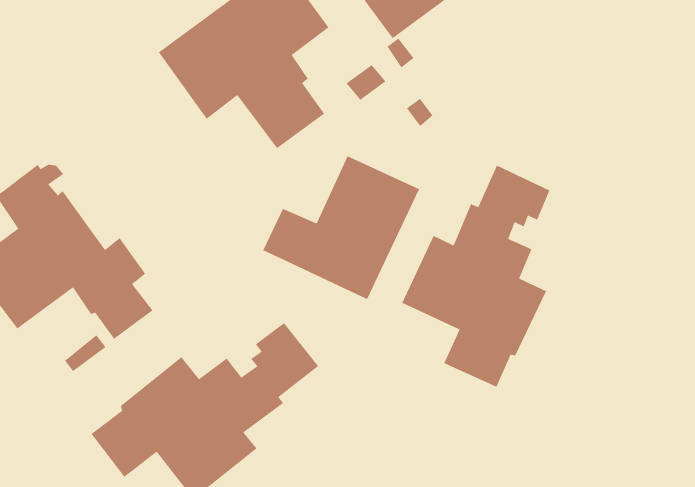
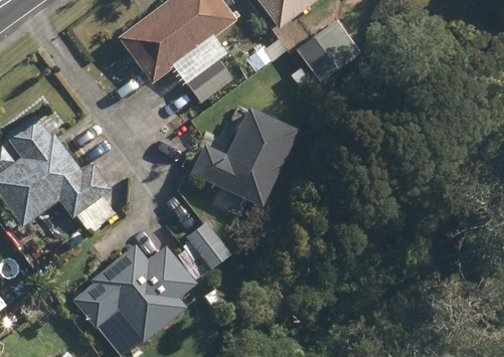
building: none -> [296,22,355,81]
building: [401,165,551,388] -> none

